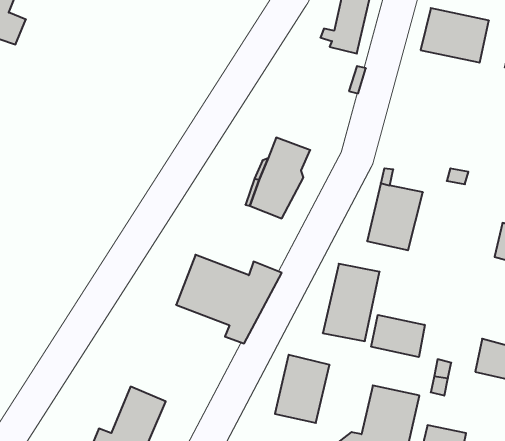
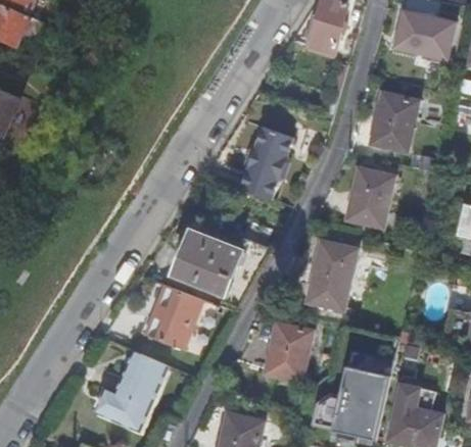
building: none -> [370,93,419,152]
building: none -> [144,284,202,349]
building: [371,315,425,357] -> none

